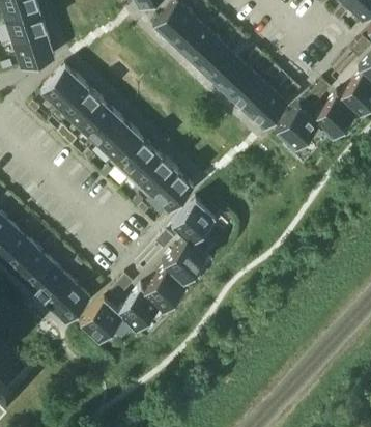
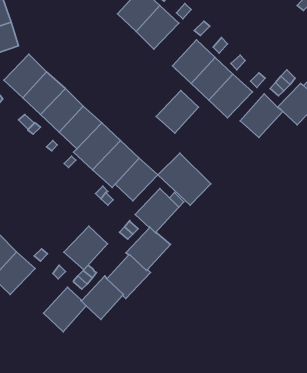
building: [189,35,231,78] -> [156,91,199,133]
building: none -> [158,153,211,205]
building: [46,280,89,323] -> [64,226,108,270]

